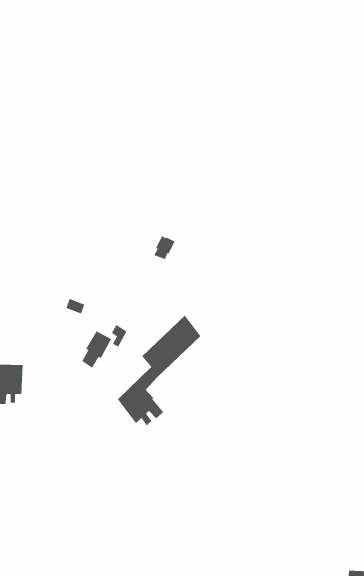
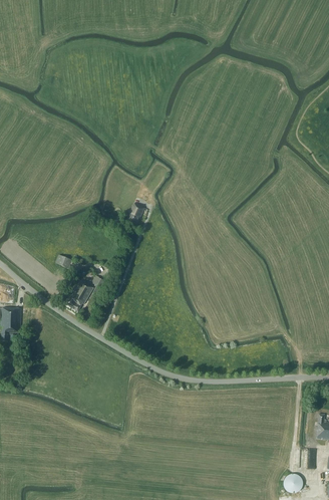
building: [117,315,201,426] -> none

